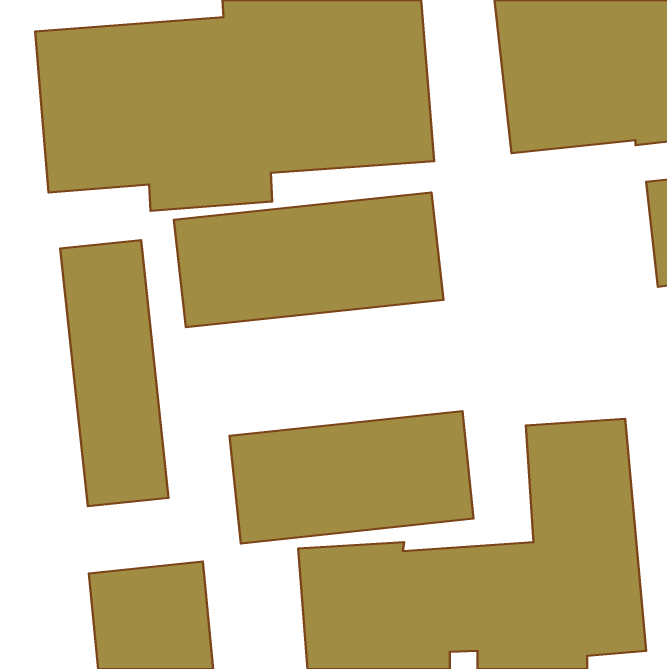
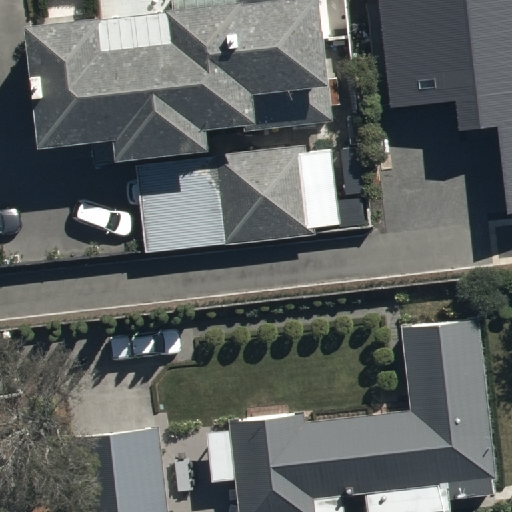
building: [60,240,168,506] -> none
building: [230,411,474,544] -> none

